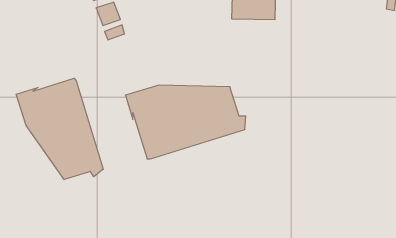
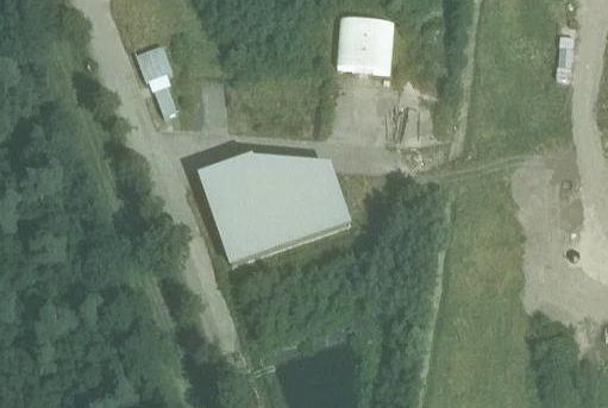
building: [16,78,103,180] -> none

